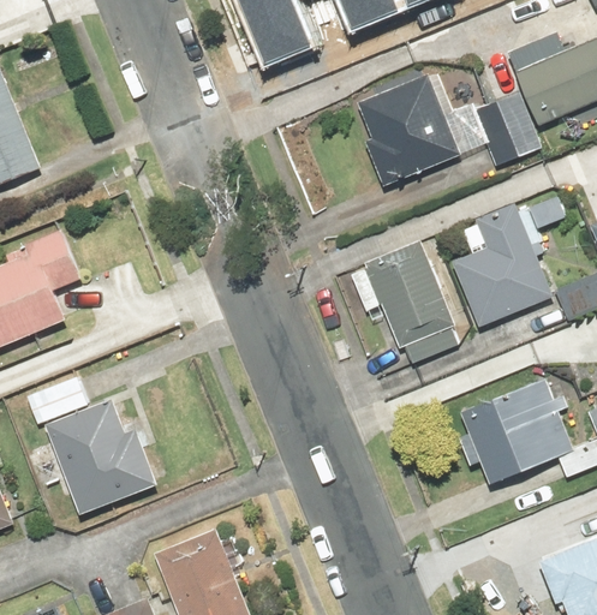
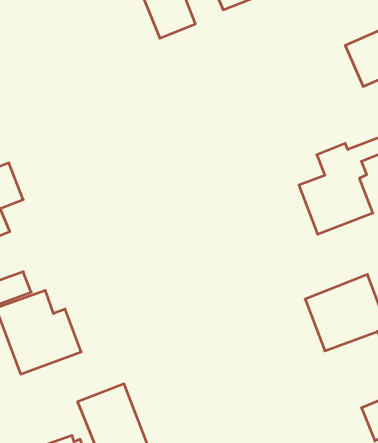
building: [357,76,459,189] -> none
building: [476,96,543,167] -> none
building: [347,241,462,364] -> none

